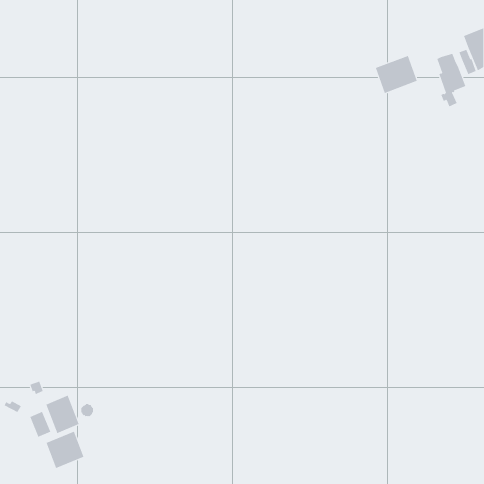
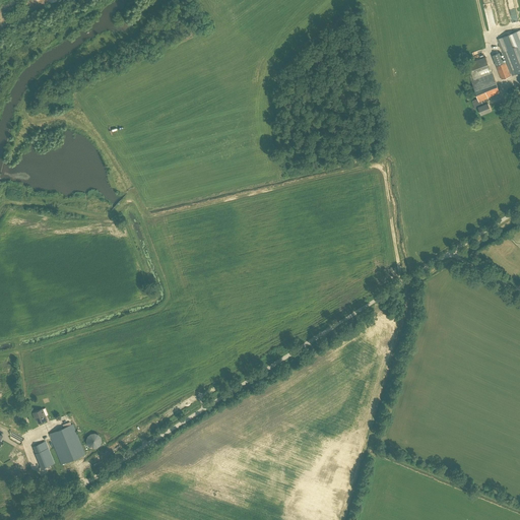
building: [375,55,417,94] -> none
building: [46,431,84,469] -> none

